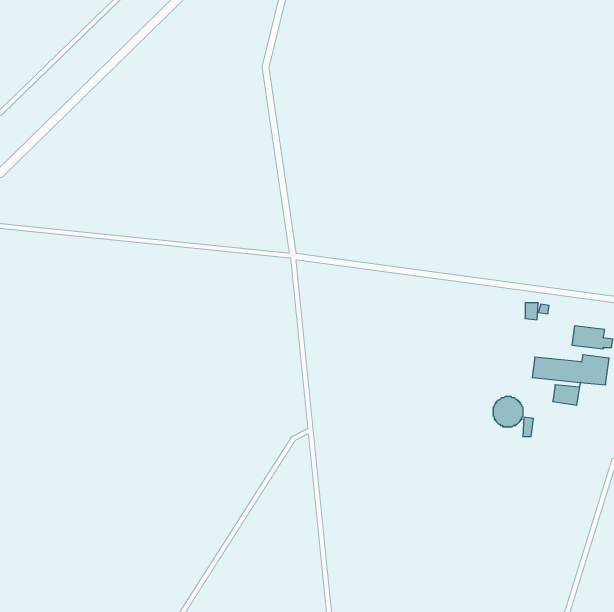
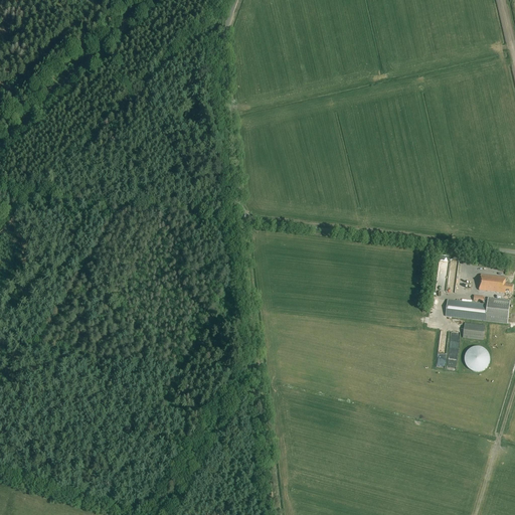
building: [493,397,523,427] -> [465,345,490,370]

